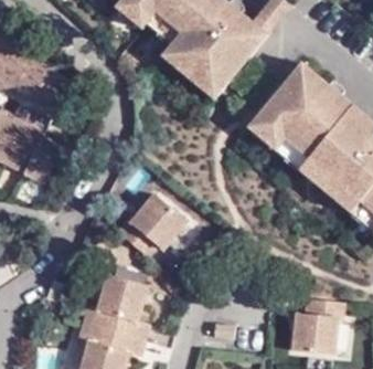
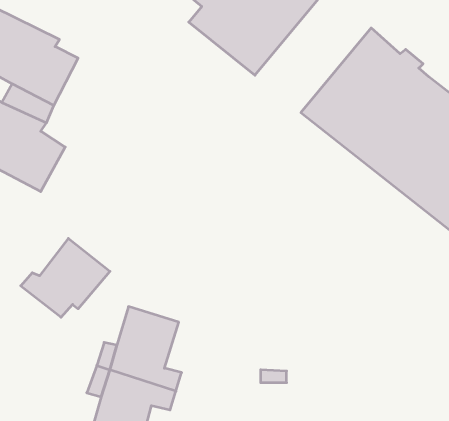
building: [120,197,189,257] -> [21,238,110,317]
building: [292,295,343,350] -> none

